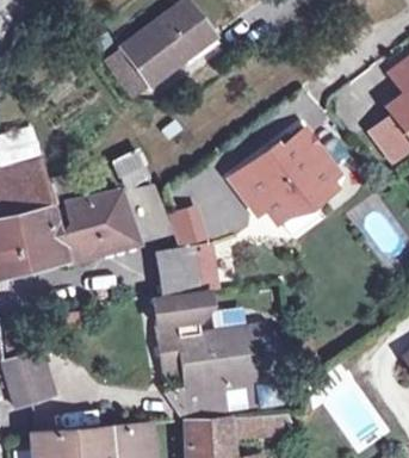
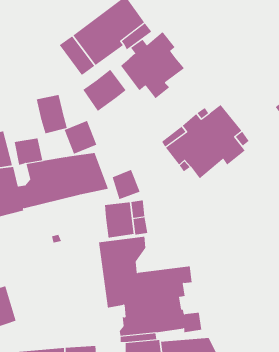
building: none -> [120,31,185,99]
building: none -> [82,69,127,112]
building: none -> [36,94,67,134]

